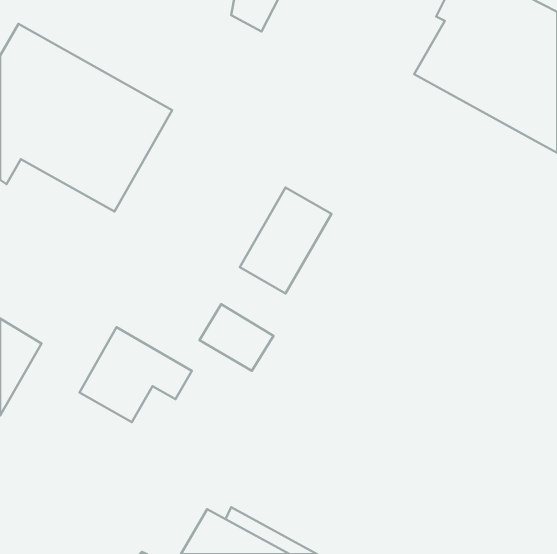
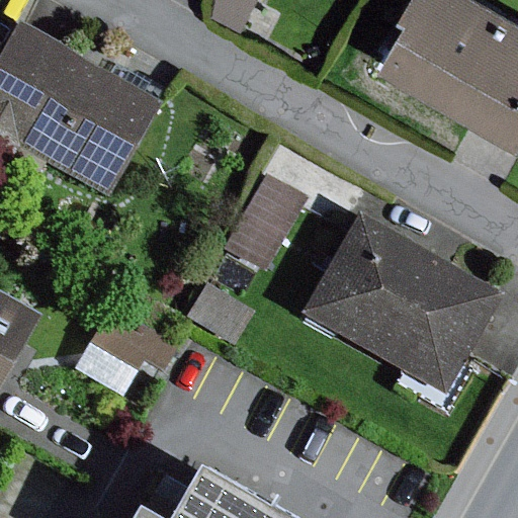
building: none -> [299,214,499,395]

